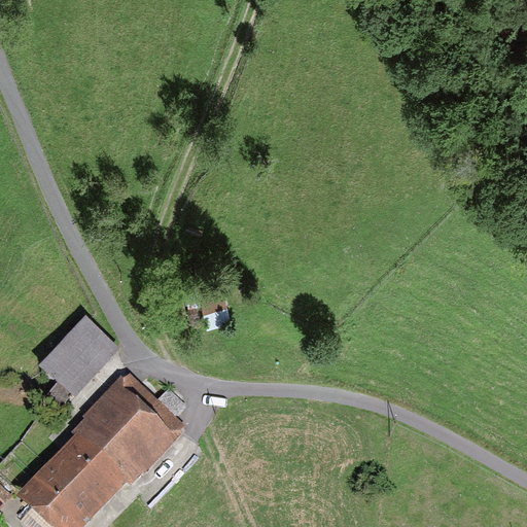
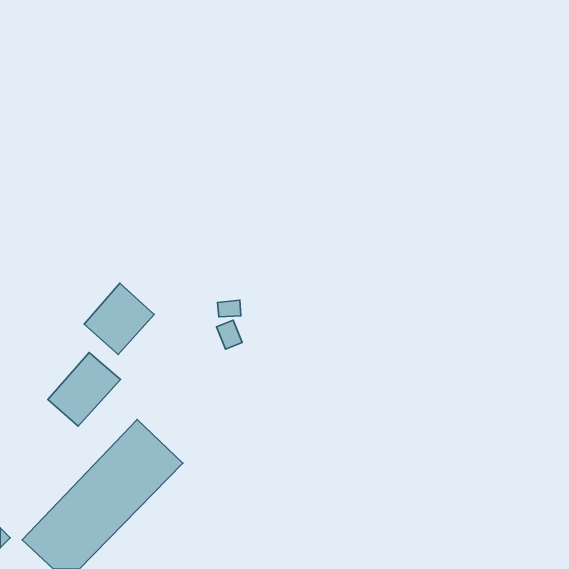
building: none -> [84,283,154,355]

